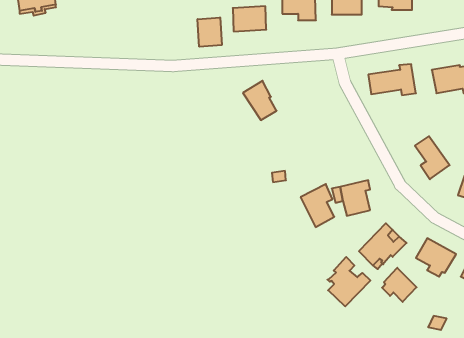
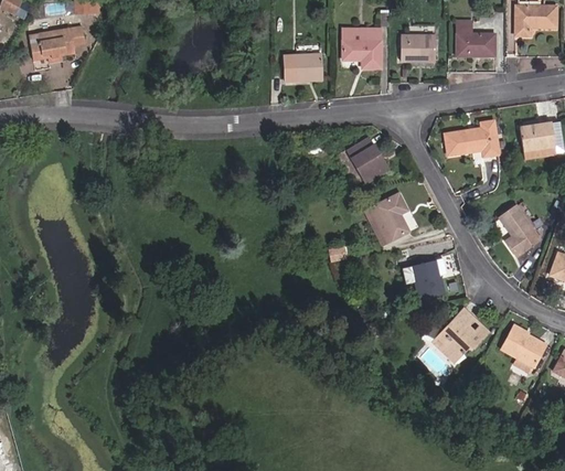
building: [198,17,222,47] -> none
building: [243,81,277,120] -> [347,137,386,183]
building: [301,184,334,227] -> [370,193,409,244]
building: [327,257,370,306] -> none
building: [382,268,417,302] -> none

